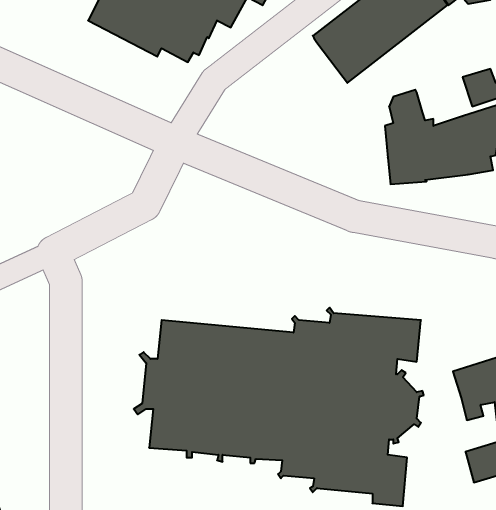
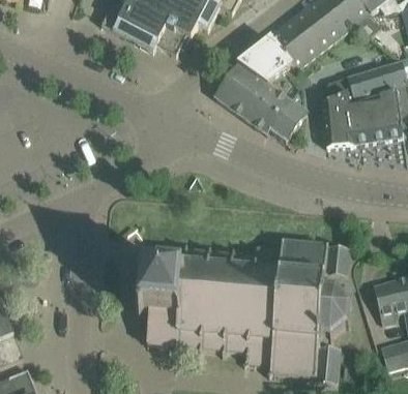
building: none -> [214,37,305,140]
building: none -> [346,66,387,98]

